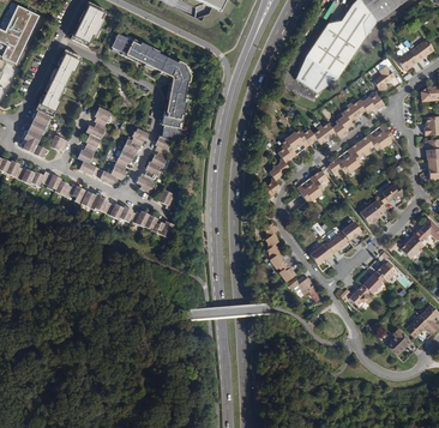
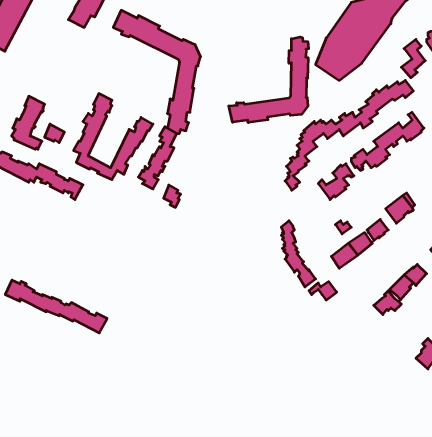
building: [35,52,80,117] -> none
building: none -> [229,37,309,123]
building: [80,191,173,239] -> [5,280,107,333]

